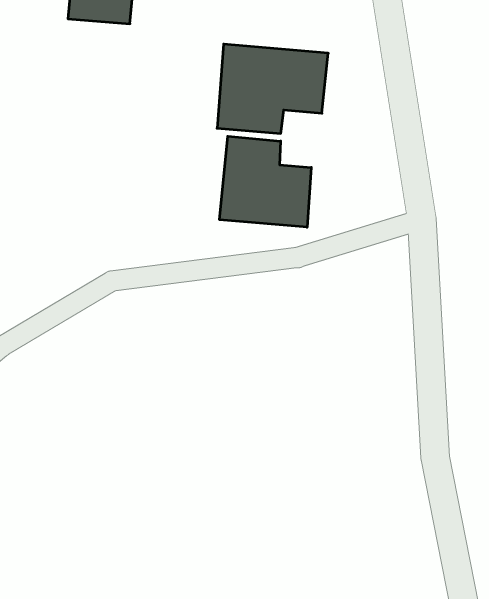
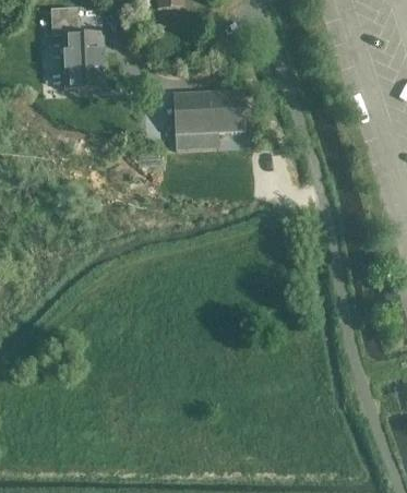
building: [220,136,311,227] -> none

